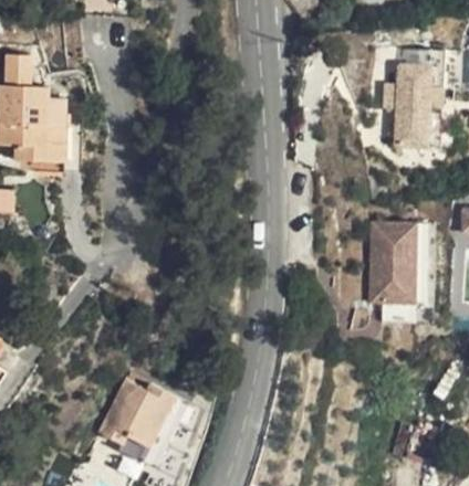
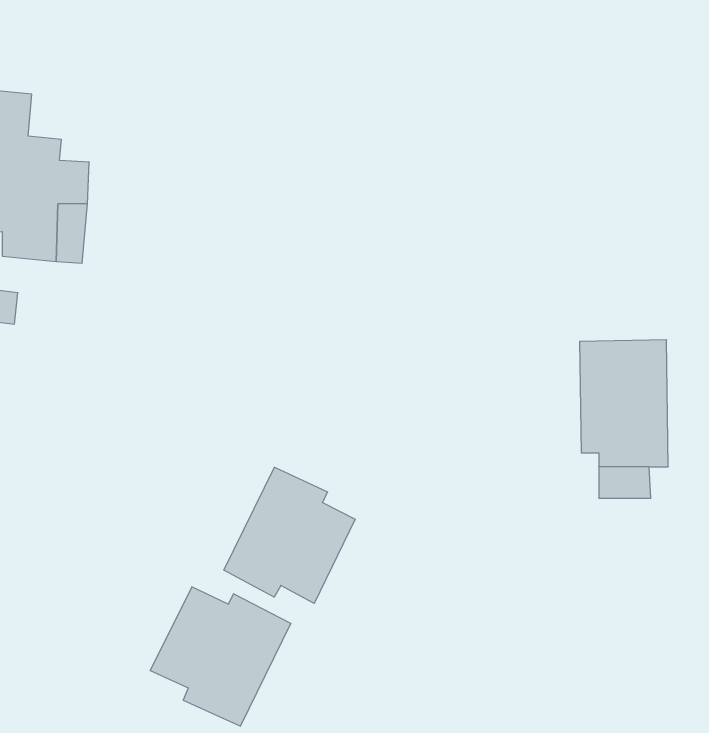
building: [388,46,442,146] -> none
building: none -> [224,467,355,603]

